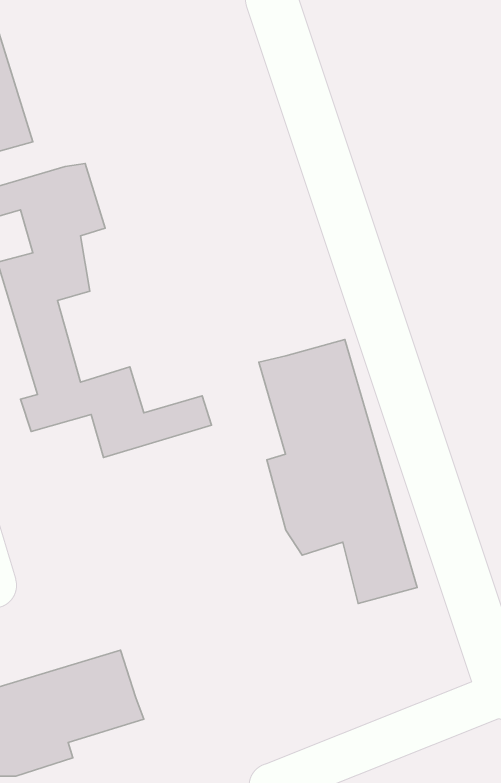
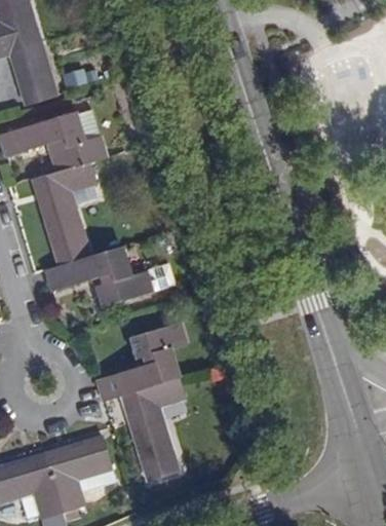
building: [259,340,417,603] -> none
building: none -> [96,325,185,481]

